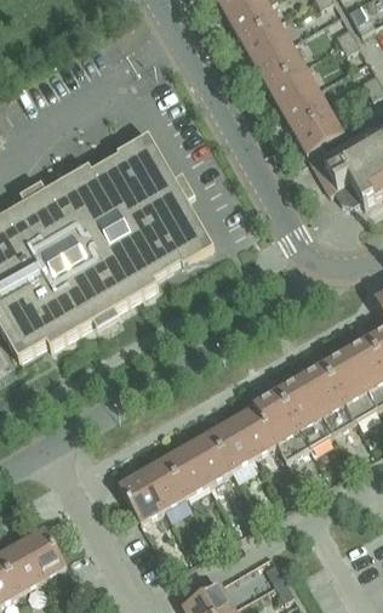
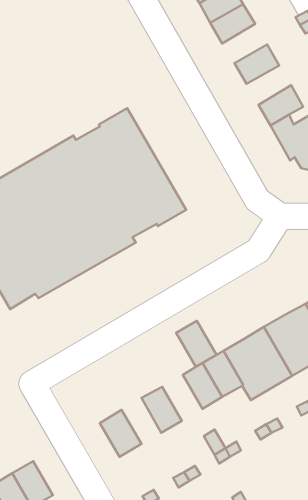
building: [253,40,303,84] -> none
building: [280,86,330,130] -> none
building: [187,430,231,481] -> [176,321,217,367]
building: [142,455,185,506] -> none

